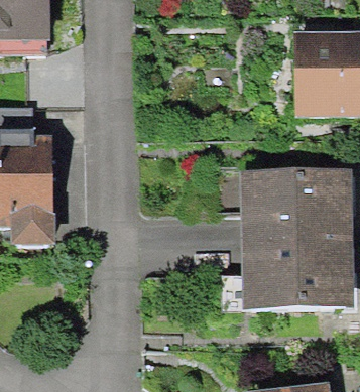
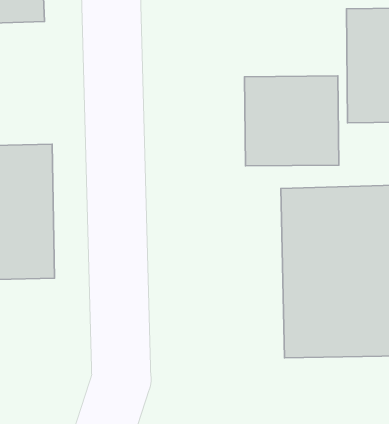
building: none -> [245,76,339,166]

